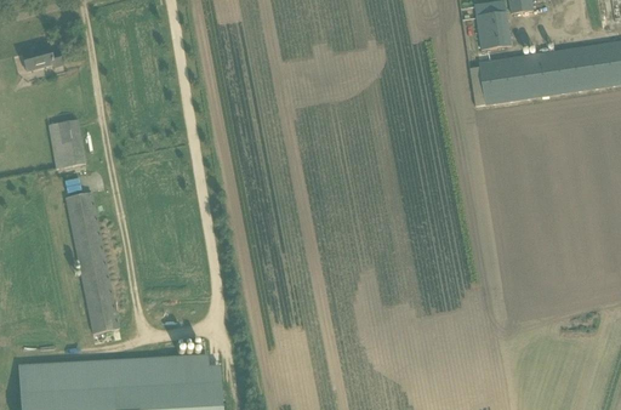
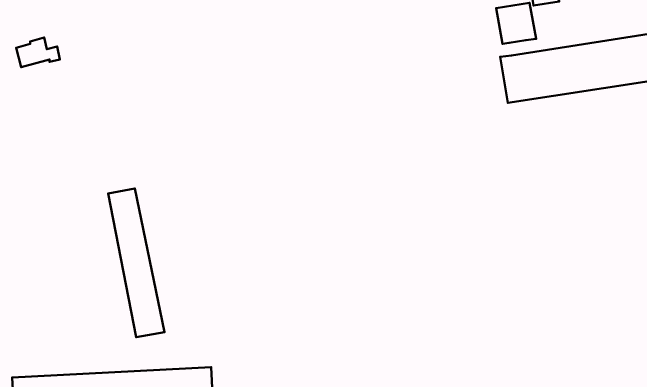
building: [47,120,85,169] -> none
building: [65,193,119,334] -> [108,188,165,337]

